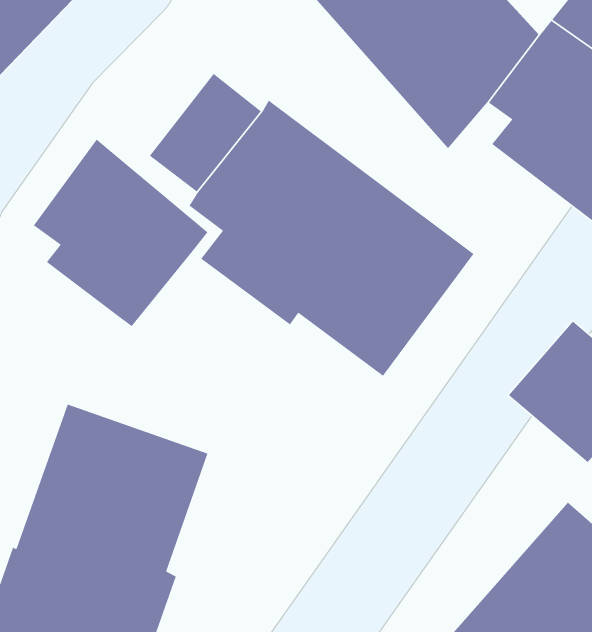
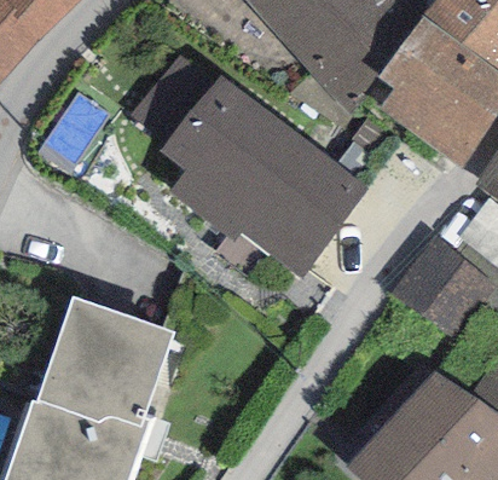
building: [33,138,209,327] -> none

